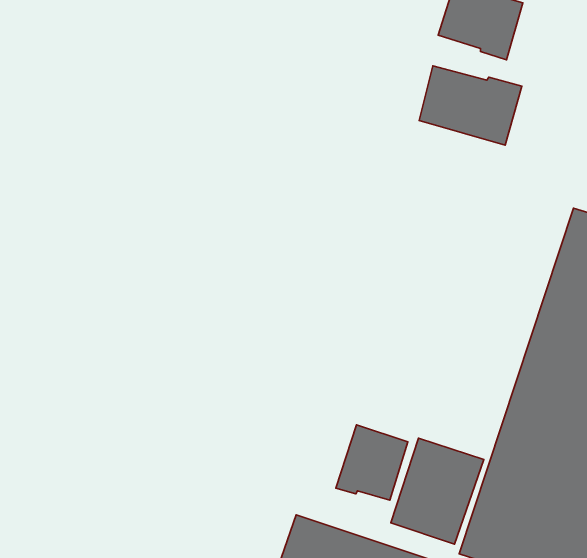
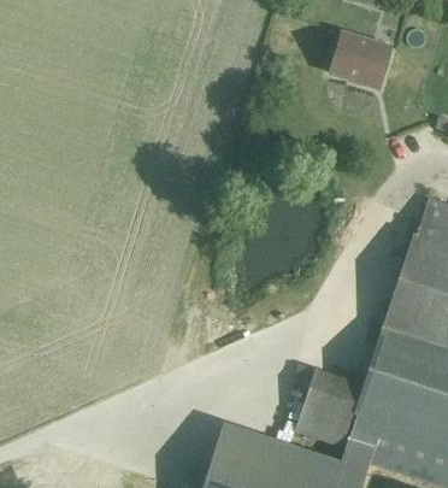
building: [419,66,522,145] -> none
building: [336,425,408,500] -> none

